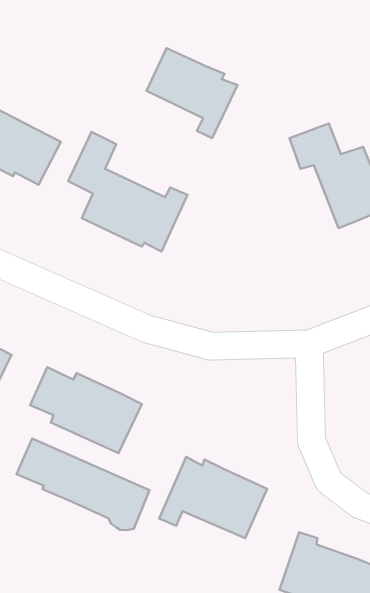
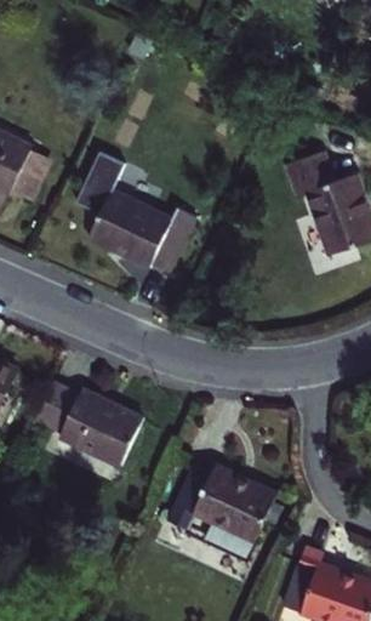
building: [147,48,237,138] -> none
building: [17,439,149,530] -> none

